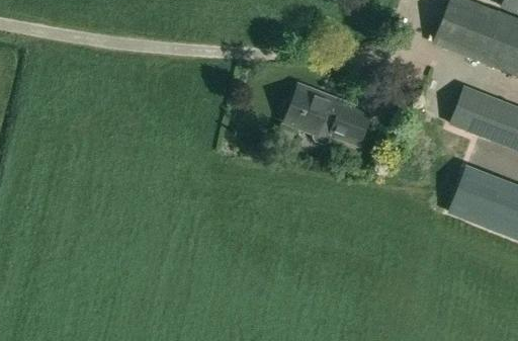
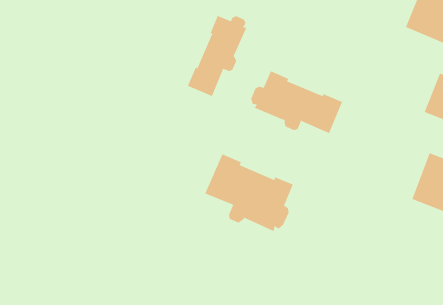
building: none -> [187,15,247,97]
building: none -> [205,153,294,232]

